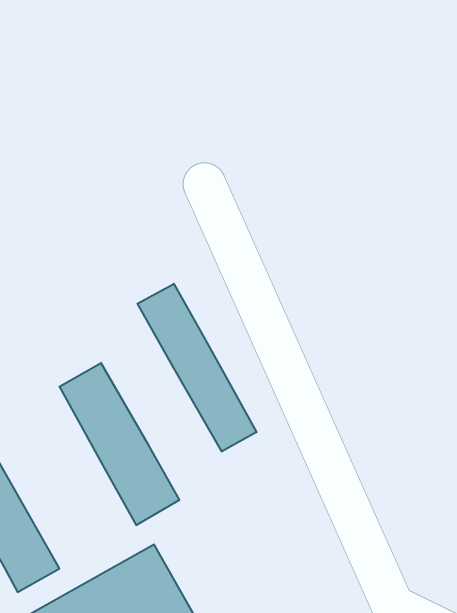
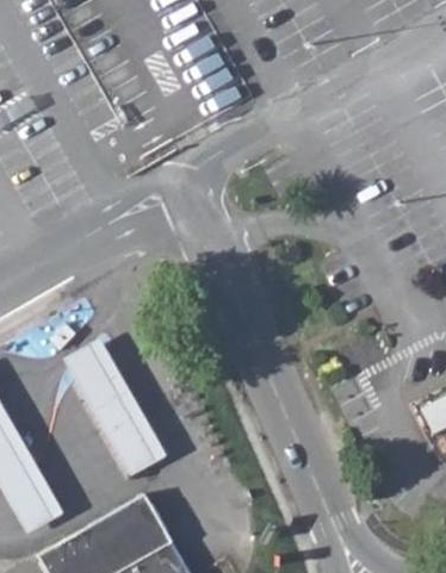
building: [137,284,257,452] -> none

